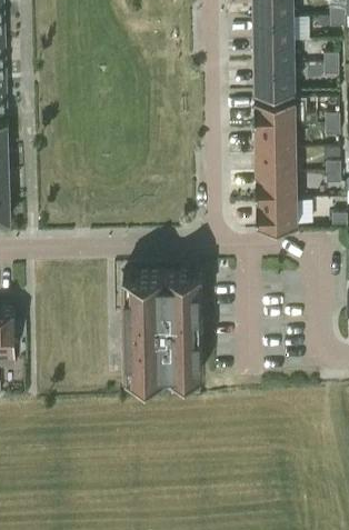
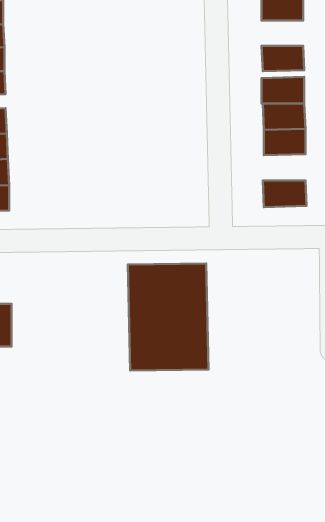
building: [253,42,293,67] -> none
building: [255,171,296,197] -> none

